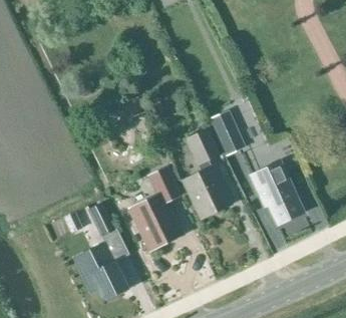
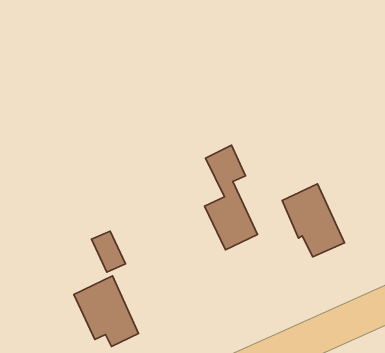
building: [209,109,247,155] -> none
building: [132,170,179,244] -> none

